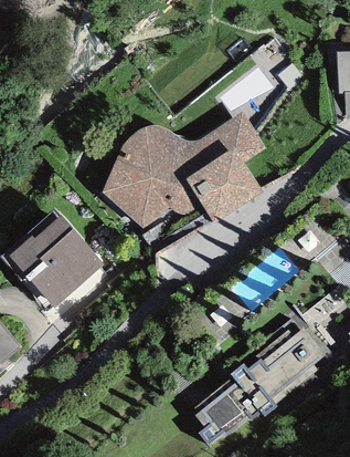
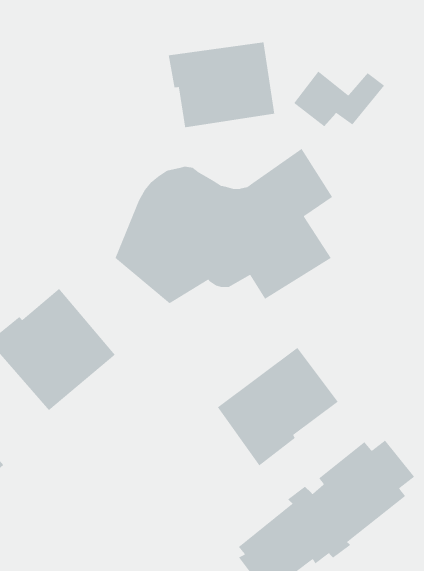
building: none -> [168,42,275,128]
building: none -> [217,347,339,466]

